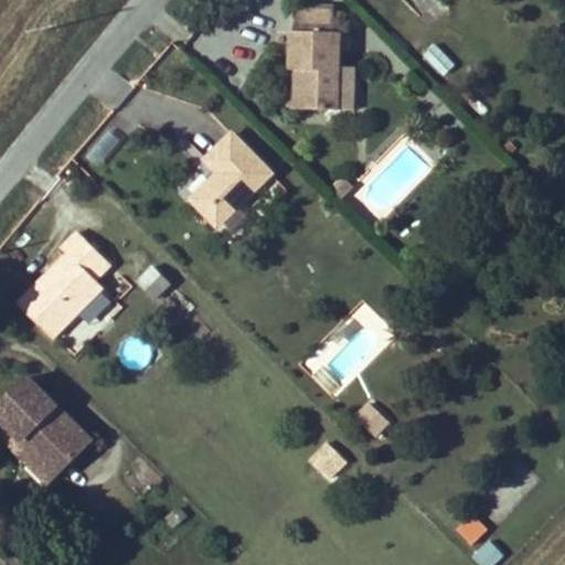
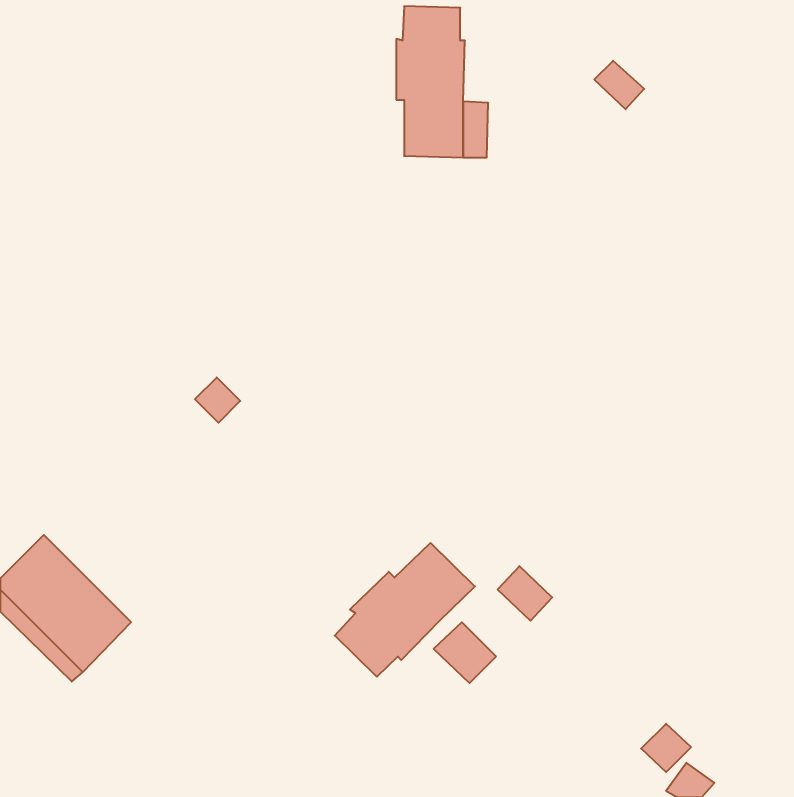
building: [189,131,267,224] -> none
building: [21,233,114,339] -> none
building: none -> [335,543,475,677]

